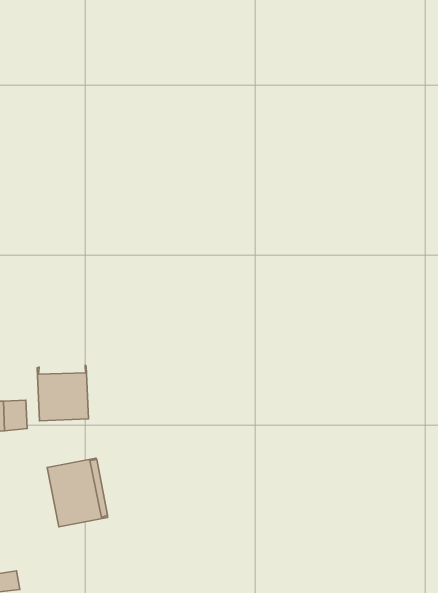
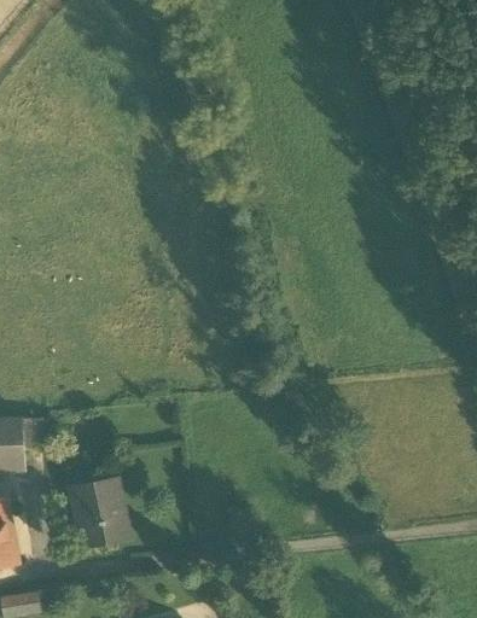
building: [37,365,88,421] -> none

